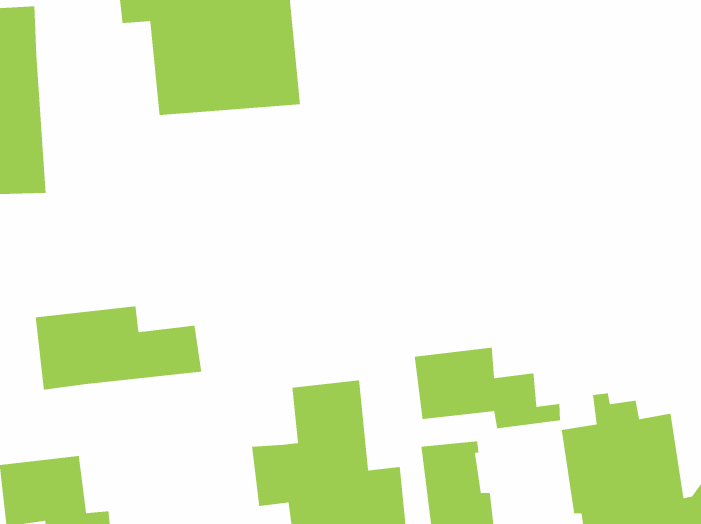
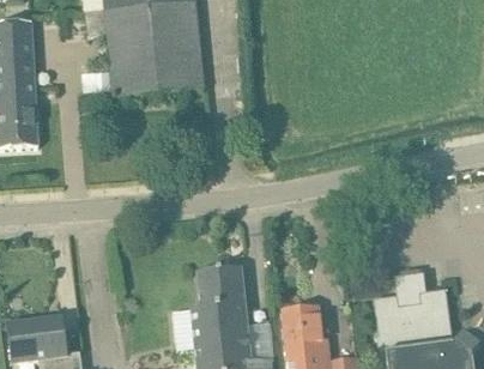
building: [35,305,202,390] -> none
building: [414,347,561,429] -> none

